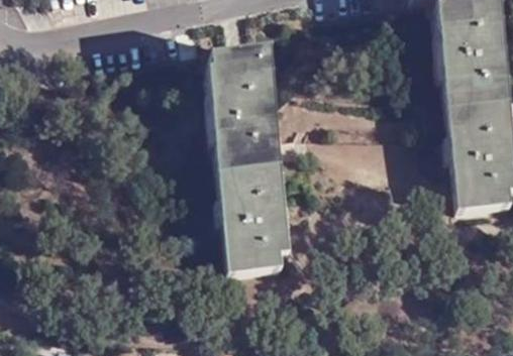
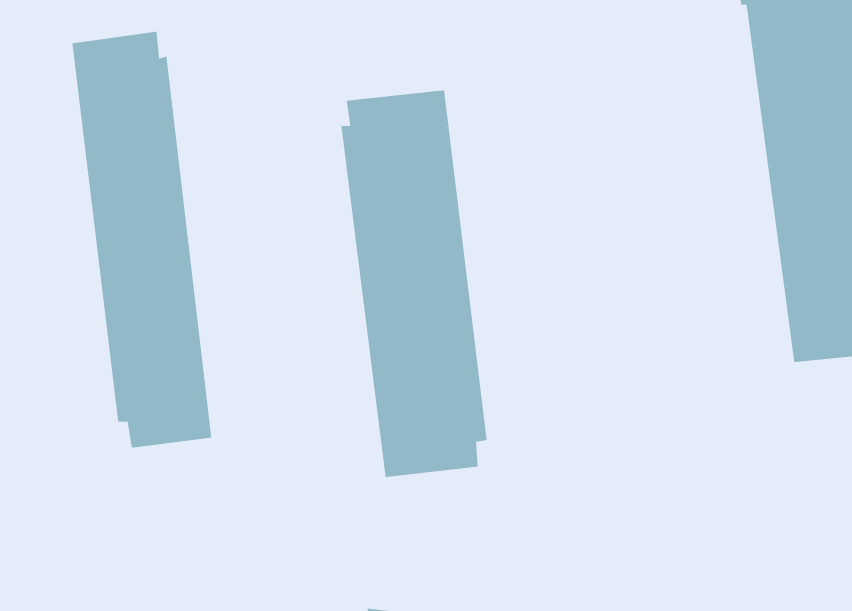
building: none -> [72,31,212,449]

